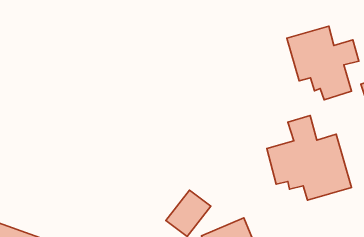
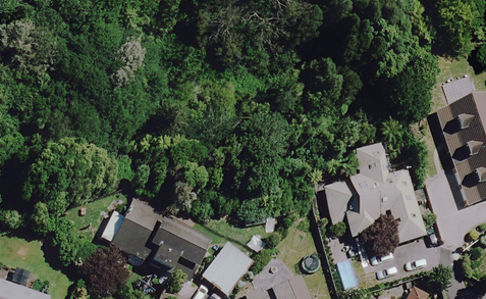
building: [287,26,359,100] -> none
building: none -> [100,200,211,271]

